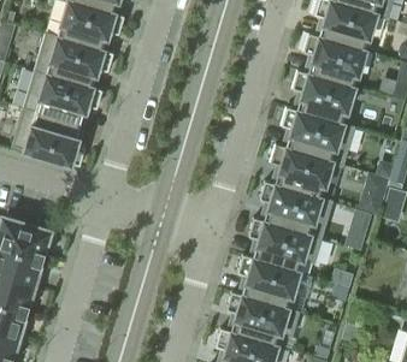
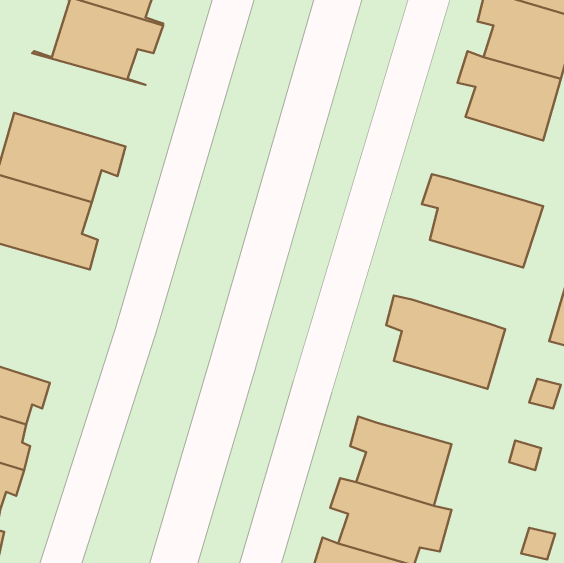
building: [34,35,113,91] -> none
building: [291,71,354,124] -> none
building: [270,144,342,198] -> none
building: [248,218,320,272] -> none

